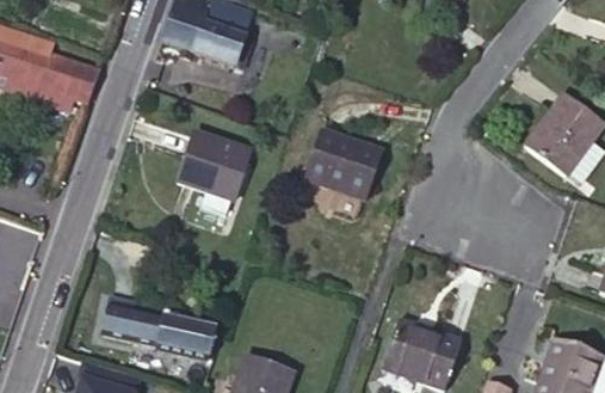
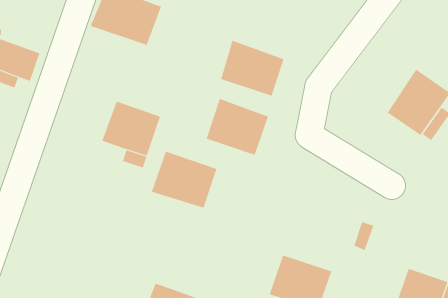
building: none -> [221,40,284,97]
building: none -> [151,151,217,209]
building: [101,295,214,352] -> none

